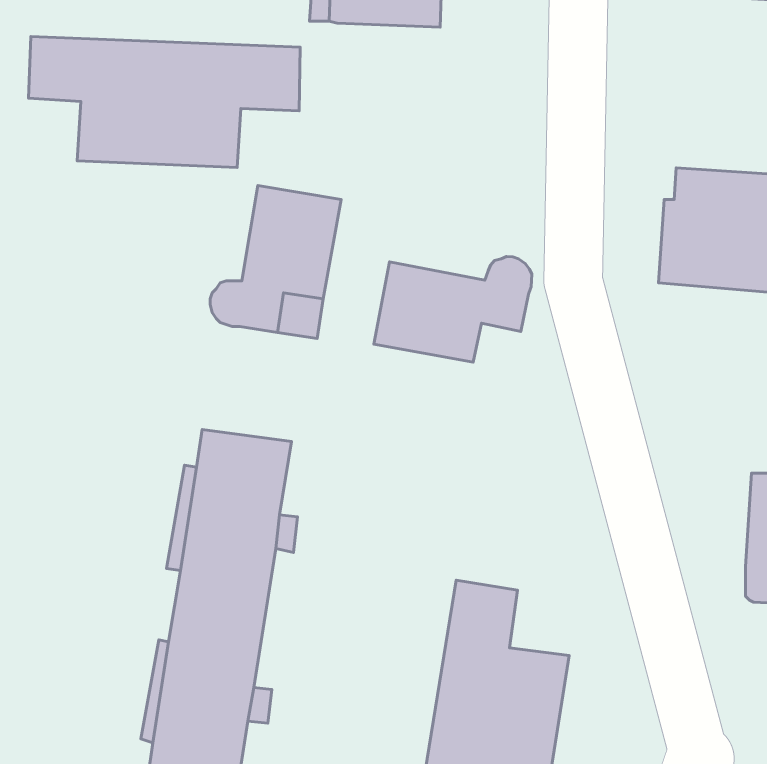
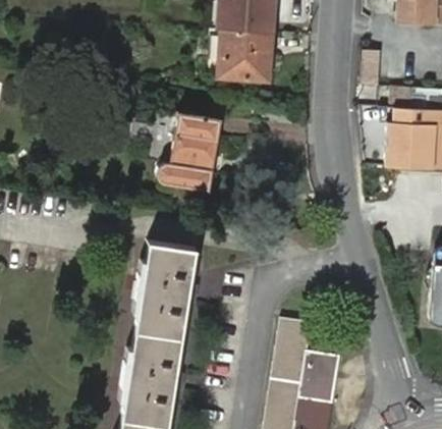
building: none -> [218,31,273,82]
building: [28,37,300,168] -> none
building: [374,256,532,362] -> none

